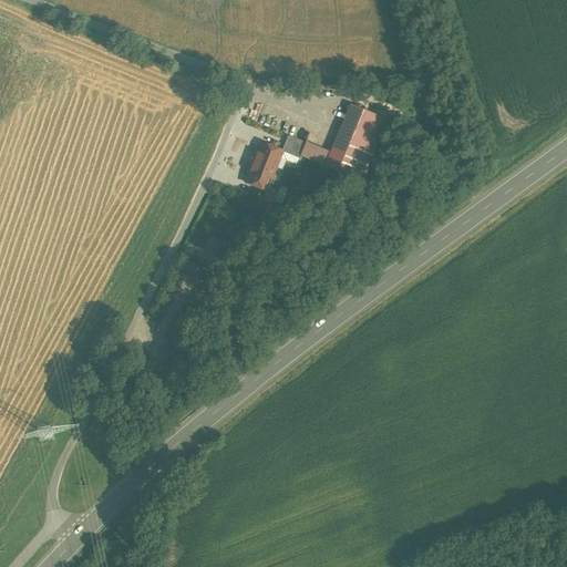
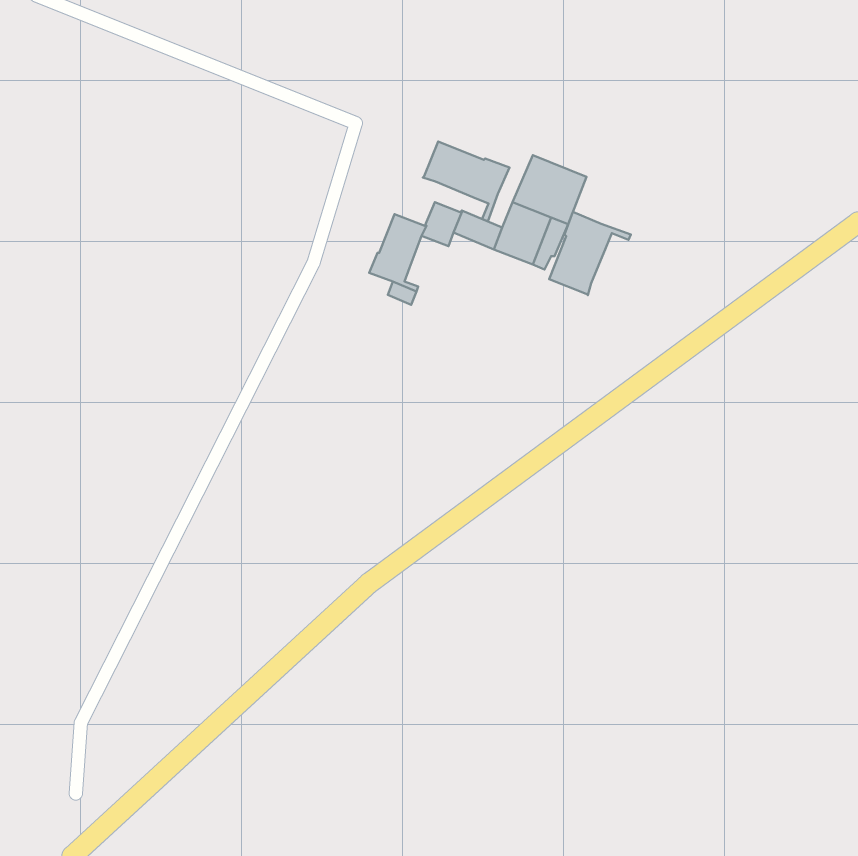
building: none -> [423,142,509,221]
building: none -> [549,212,631,295]

